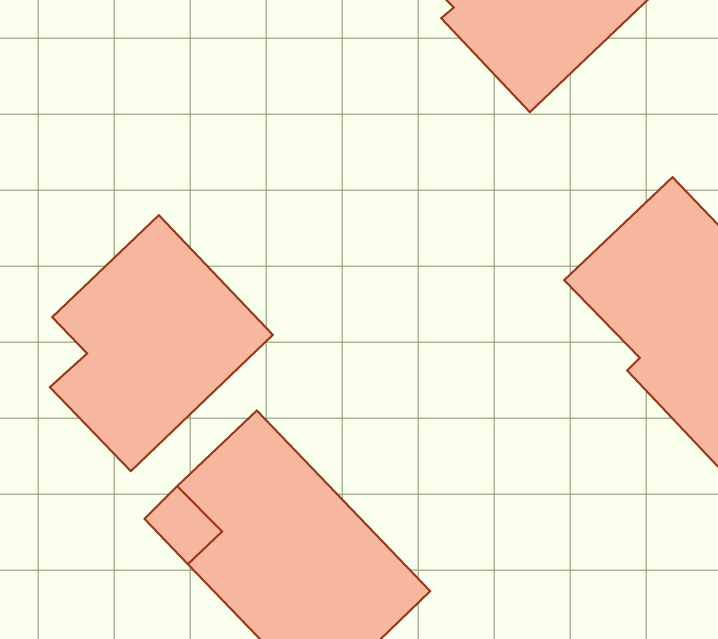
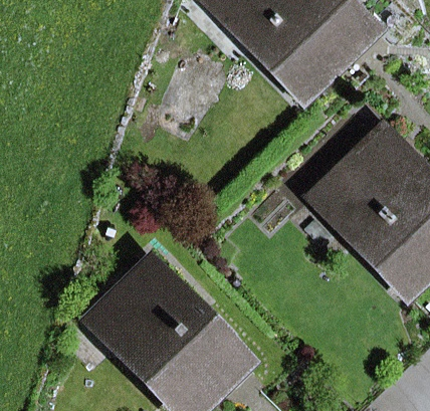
building: [50,215,273,471] -> none

